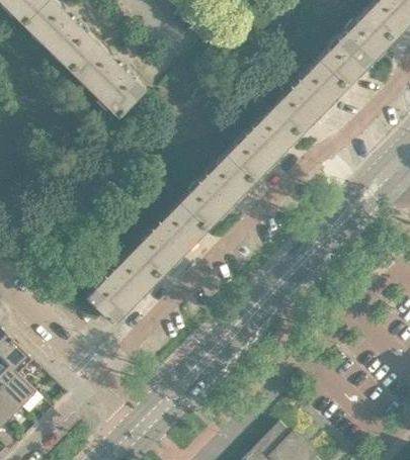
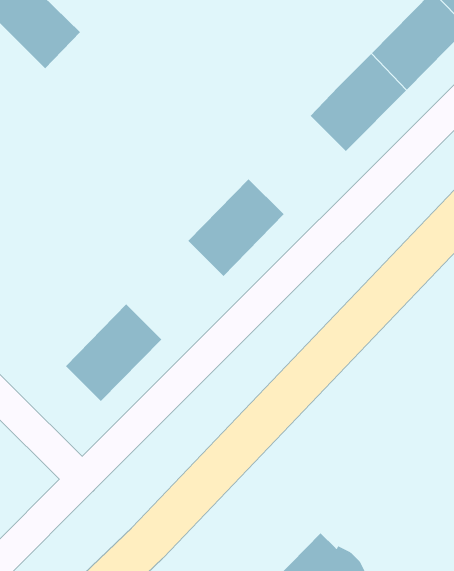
building: [72,42,147,117] -> none
building: [227,106,301,181] -> none
building: [134,201,208,276] -> none

